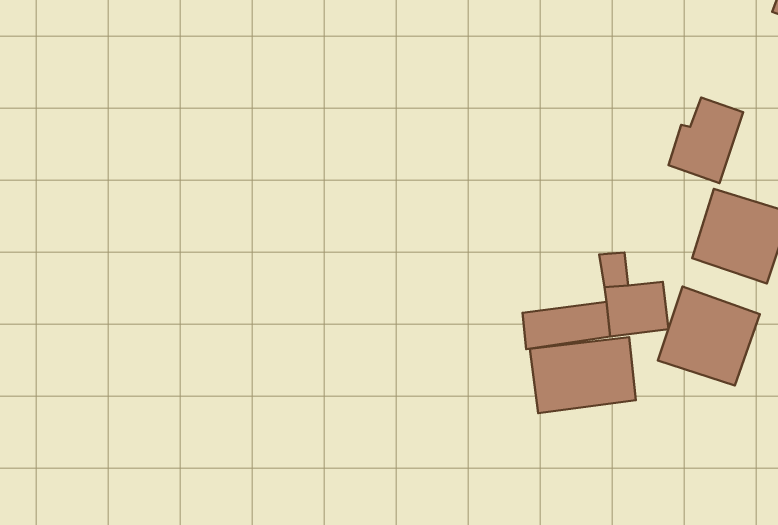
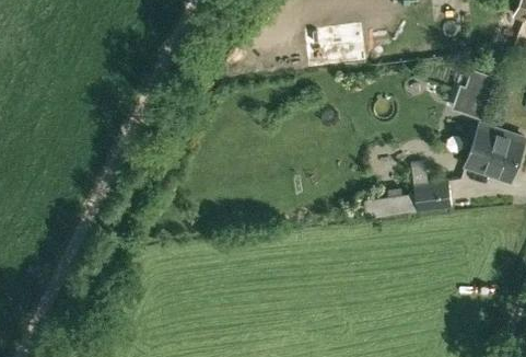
building: [658,286,760,386] -> none
building: [530,337,636,413] -> none

